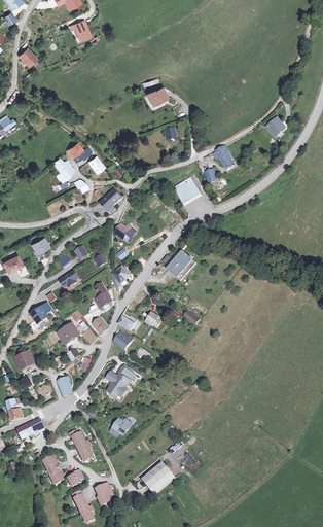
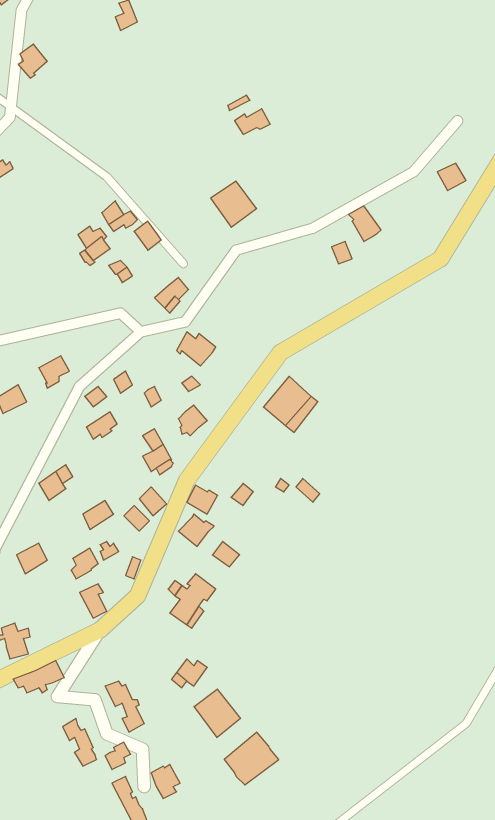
building: [174,178,202,206] -> [211,181,257,227]
building: none -> [194,689,240,738]

